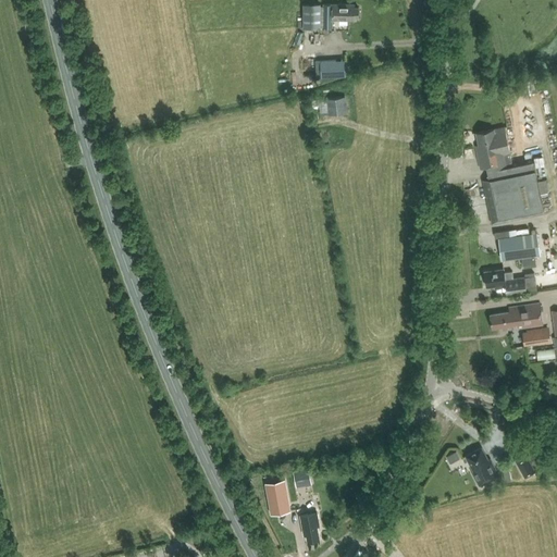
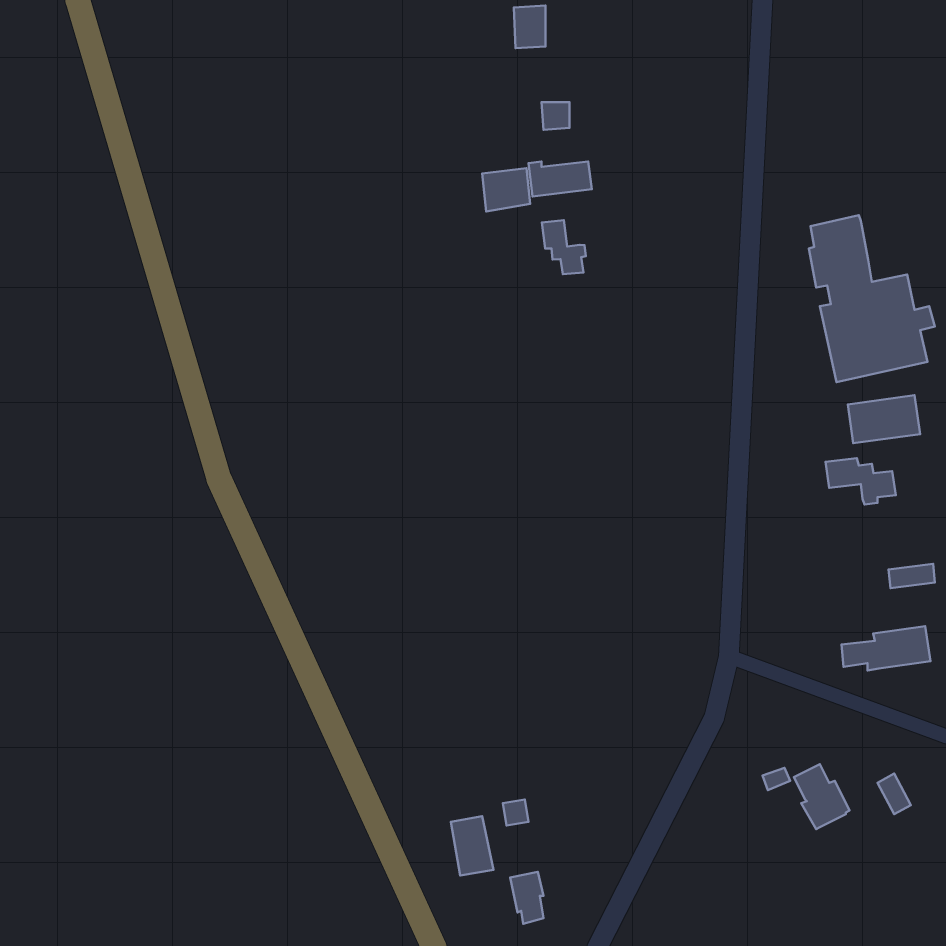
building: [322,5,358,29] -> none
building: none -> [482,168,530,211]
building: none -> [542,220,586,274]
building: [490,305,542,331] -> [842,626,931,671]

